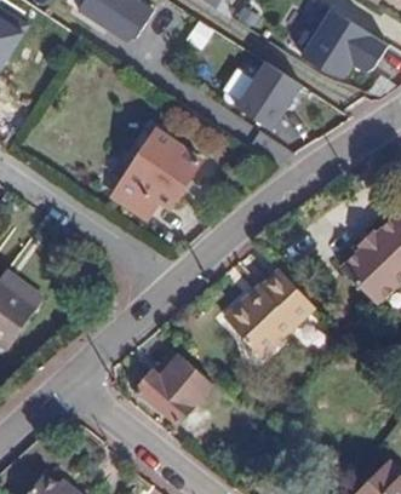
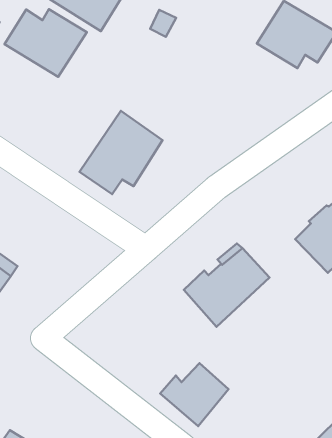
building: none -> [5,9,87,77]
building: [235,61,305,134] -> none
building: [134,355,208,423] -> [160,363,229,426]

